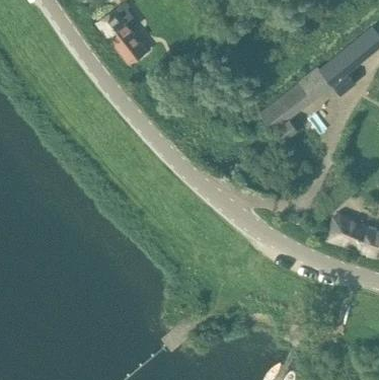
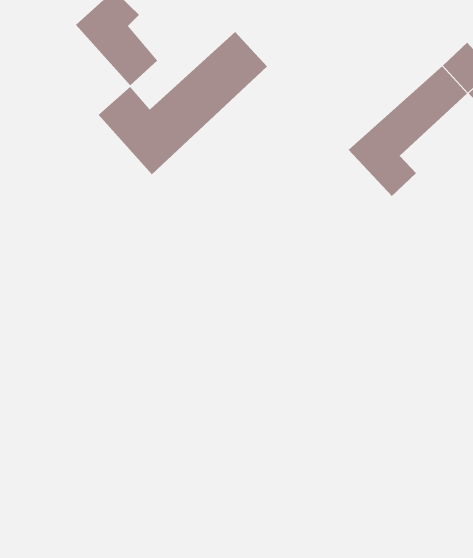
building: none -> [98,31,268,175]

